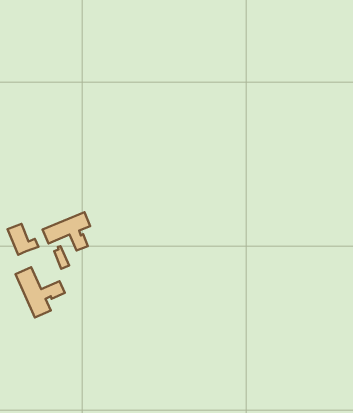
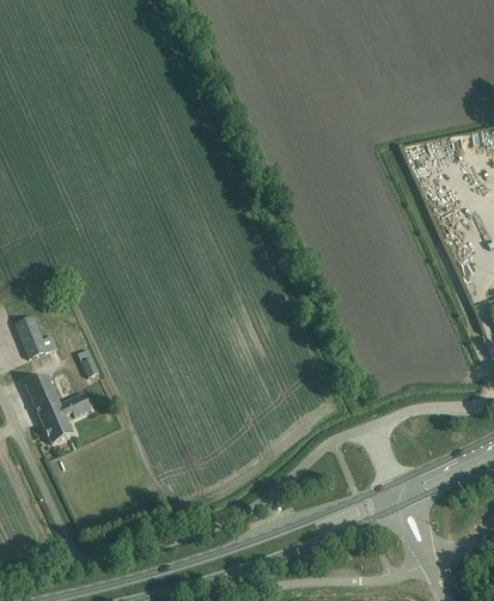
building: [43,212,90,251] -> none

